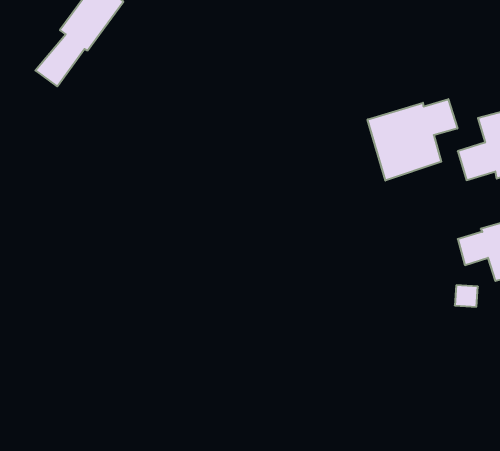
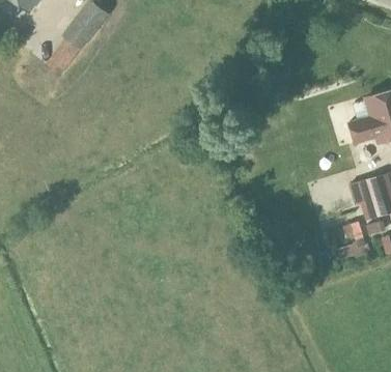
building: [368,99,457,181] -> none

